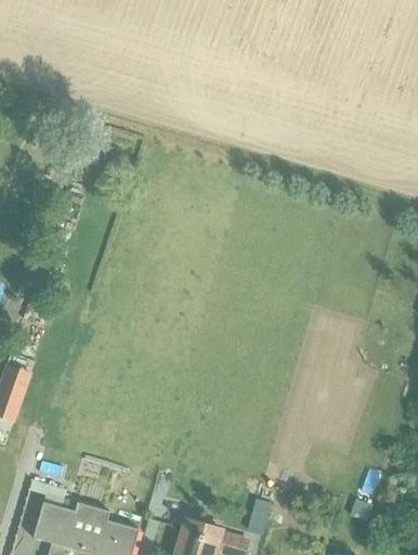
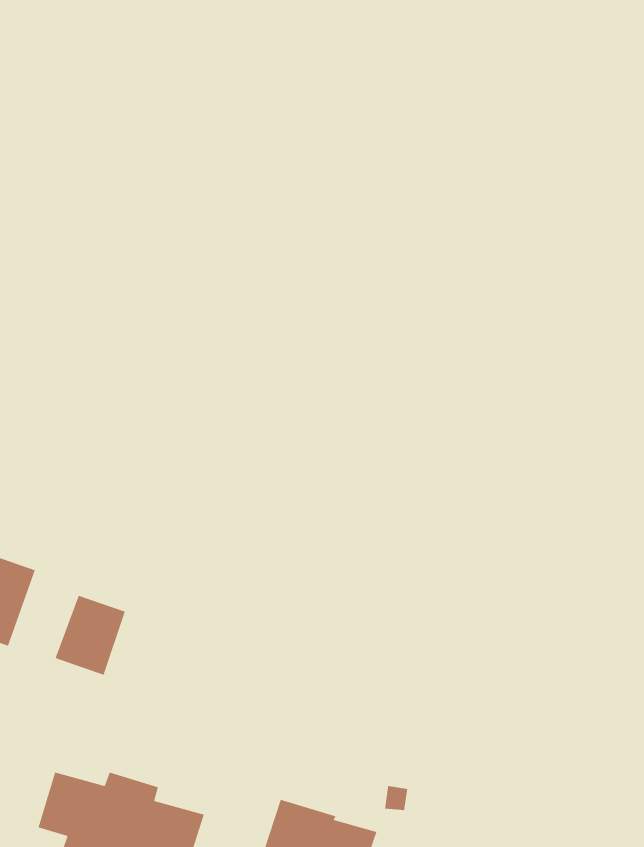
building: none -> [55,595,126,676]

